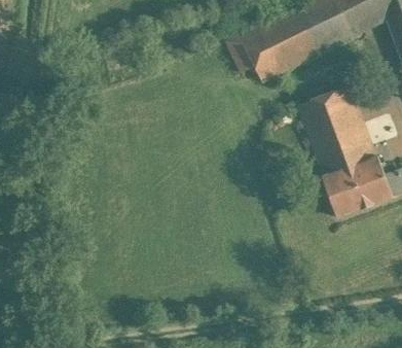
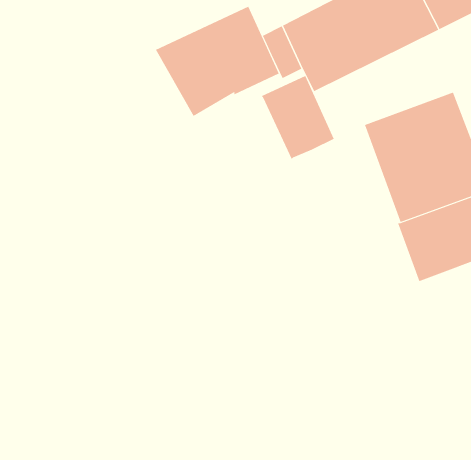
building: none -> [155,6,279,117]
building: none -> [261,75,335,160]

